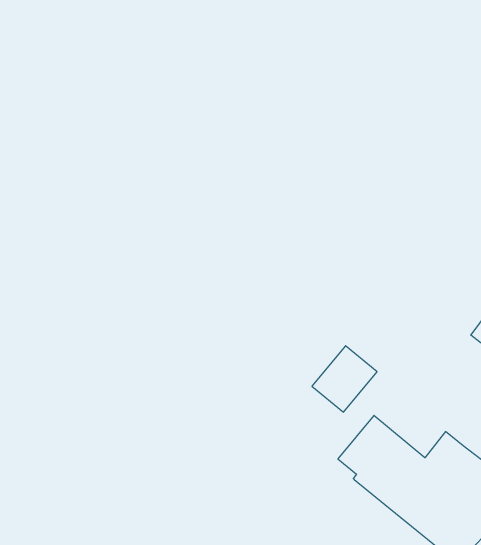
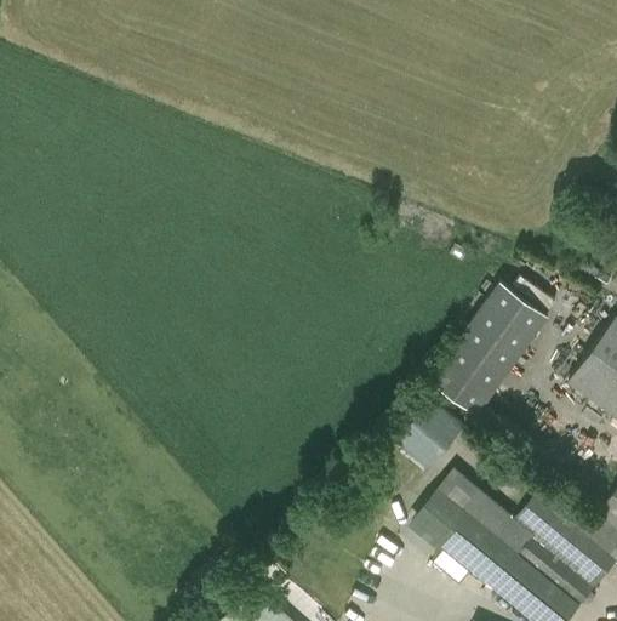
building: none -> [429,281,549,415]

